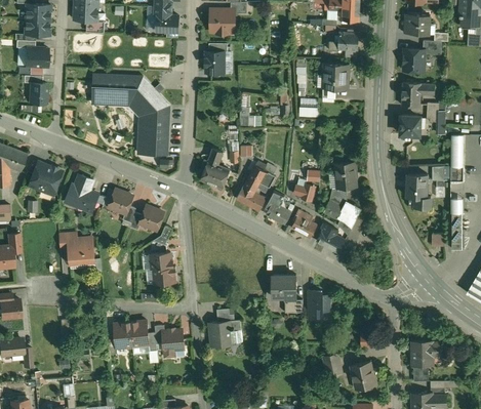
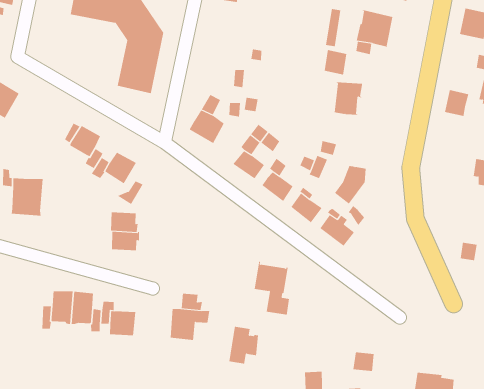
building: [402,82,420,106] -> none
building: [335,161,358,188] -> [334,82,363,115]
building: [407,173,430,207] -> none
building: [66,175,98,211] -> none
building: [309,291,330,320] -> [229,326,259,364]

